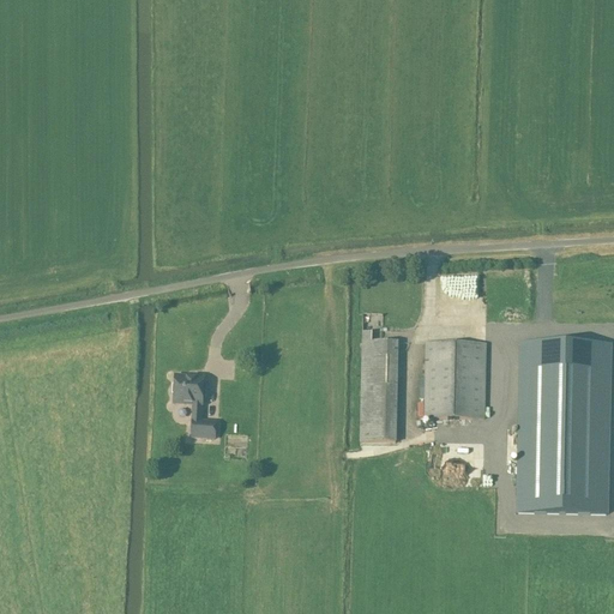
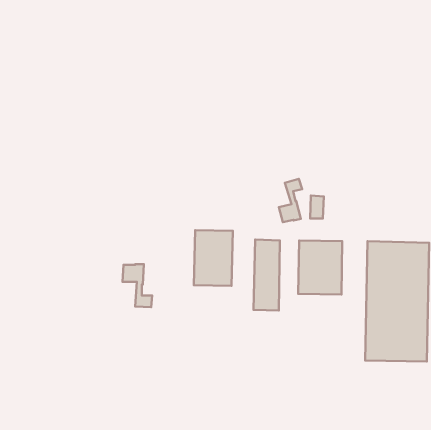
building: none -> [279,179,302,222]
building: none -> [194,230,233,286]

